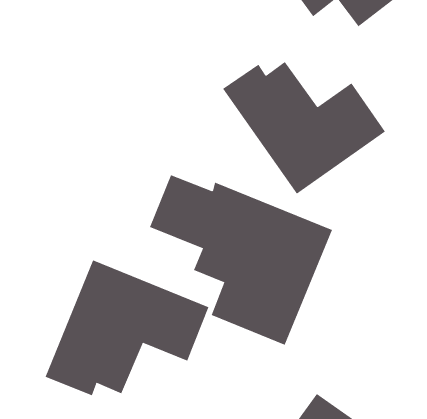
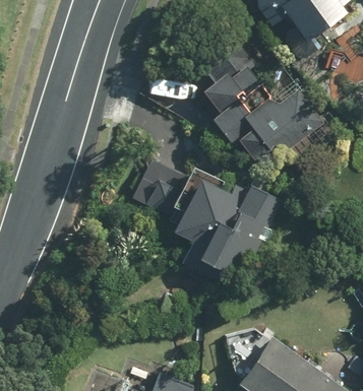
building: [45,259,209,396] -> none

